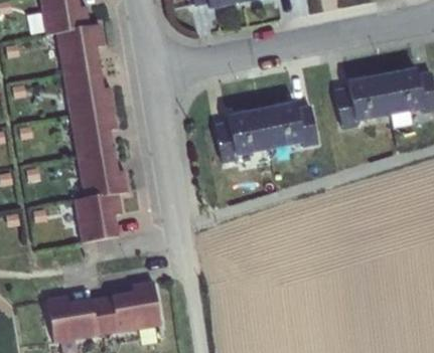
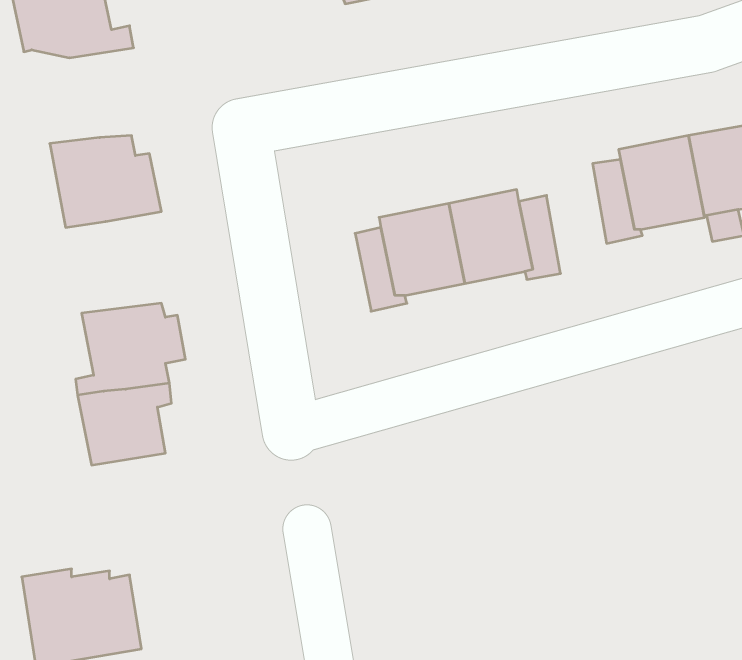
building: [51,30,106,78] -> none
building: [68,113,119,164] -> none
building: [101,281,160,333] -> none

